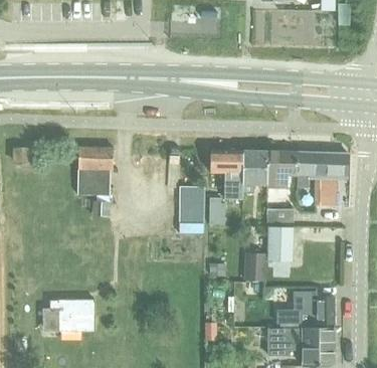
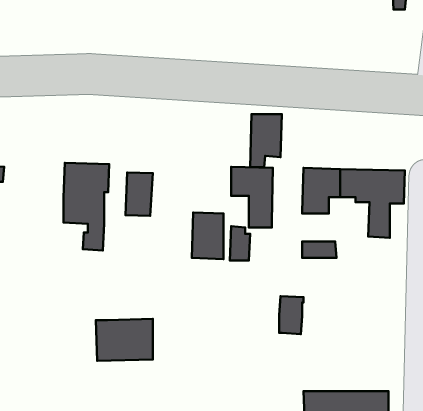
building: [242,151,267,193] -> [250,114,282,167]
building: none -> [125,173,153,216]
building: [267,226,293,261] -> none
building: [275,292,334,328] -> none
building: [49,299,95,332] -> [96,319,153,361]

